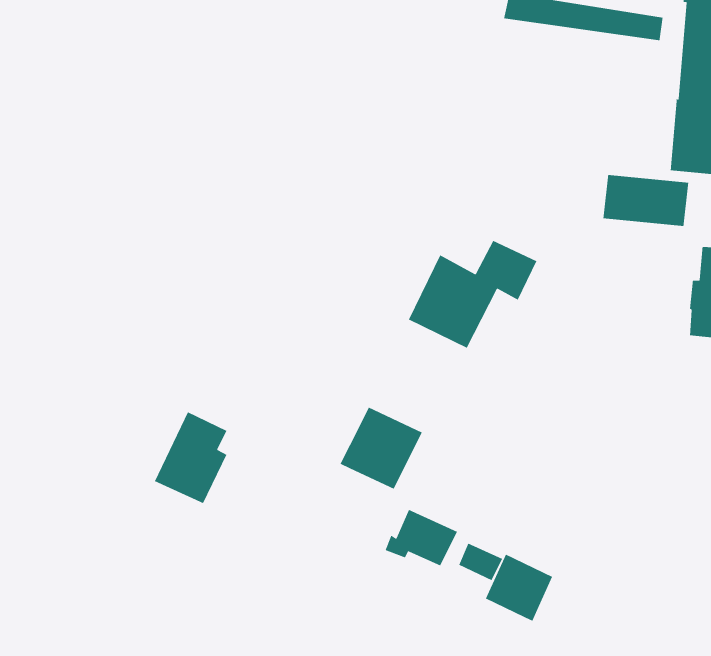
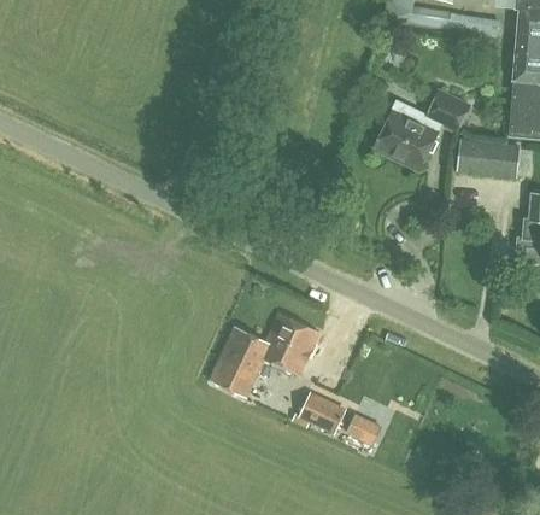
building: [408,240,538,349] -> [374,88,471,170]
building: [154,411,228,504] -> [210,327,265,397]
building: [485,554,553,622] -> none

